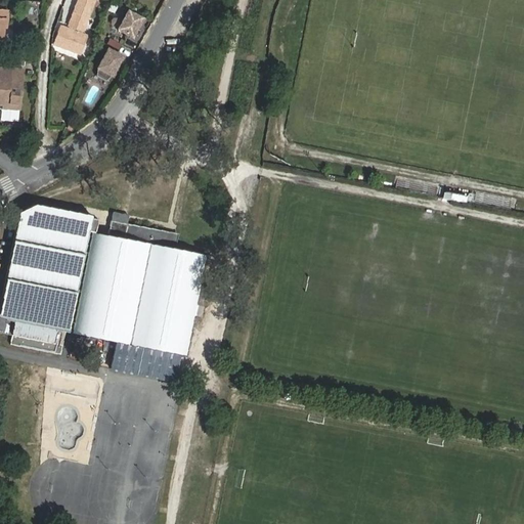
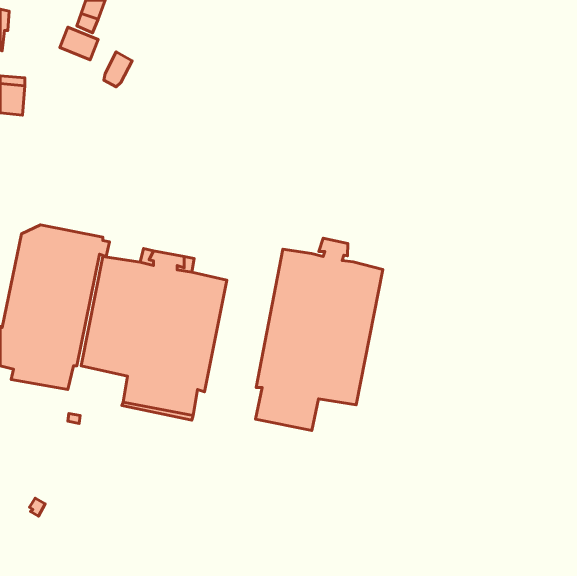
building: [115,8,141,36] -> none
building: none -> [255,238,383,430]

